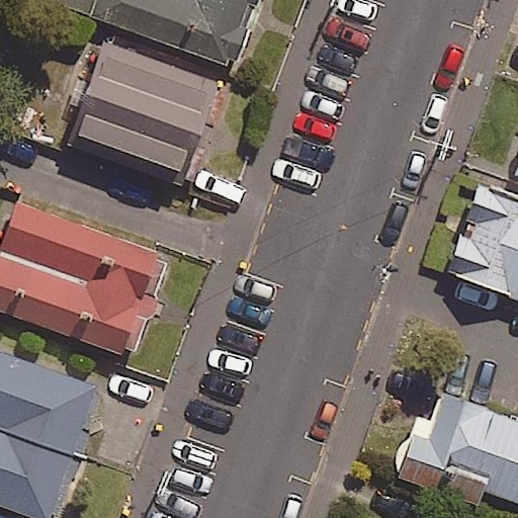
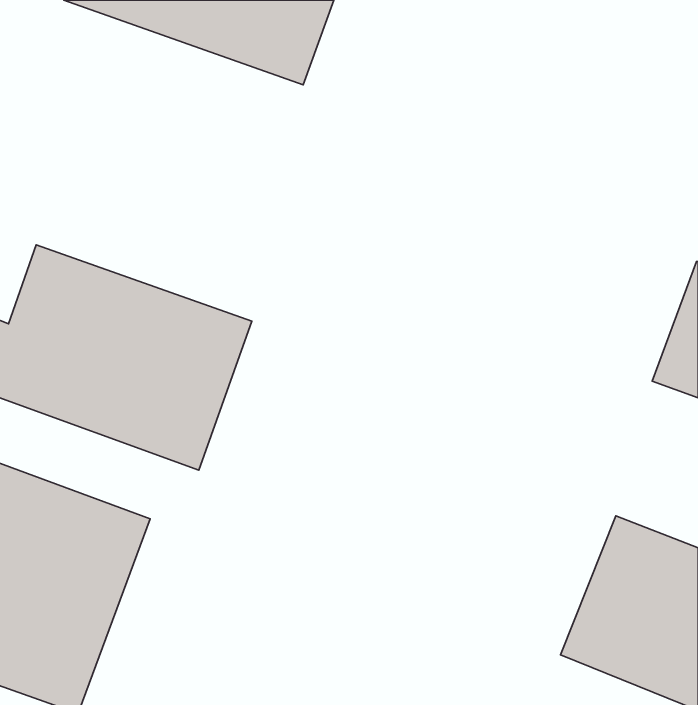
building: [54,39,199,180] -> none

